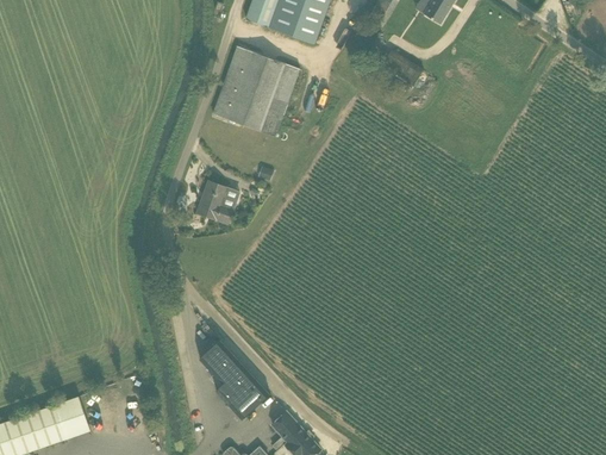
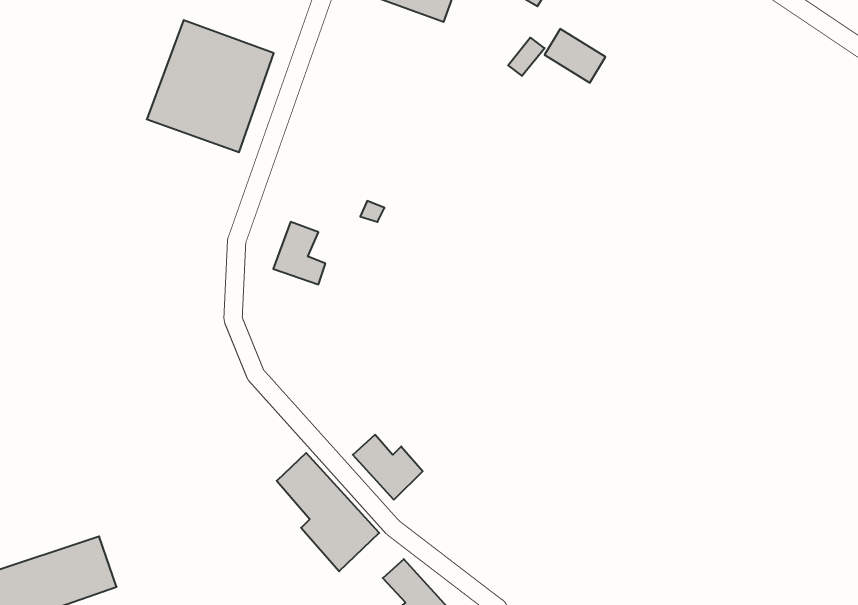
building: [212,45,299,136] -> [147,20,274,152]
building: none -> [353,435,423,500]

